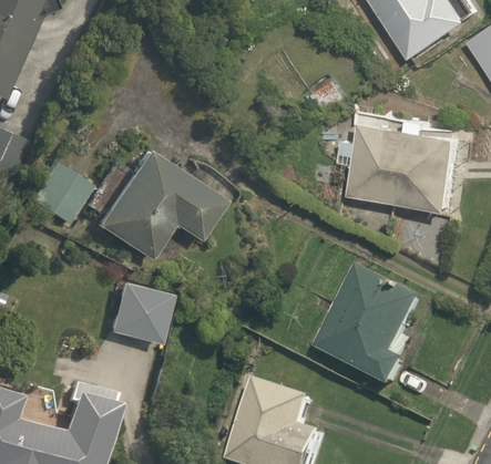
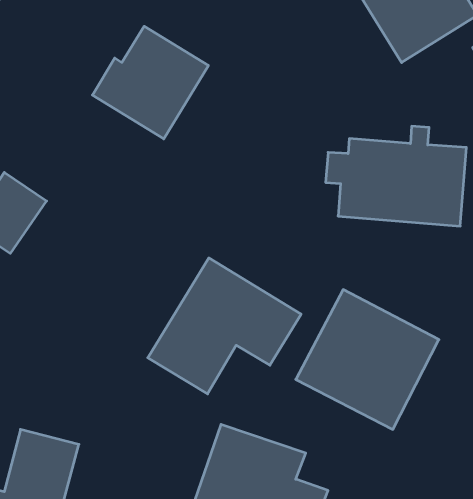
building: none -> [92,26,208,139]
building: [92,147,228,268] -> [148,258,301,394]
building: [105,285,166,347] -> none

